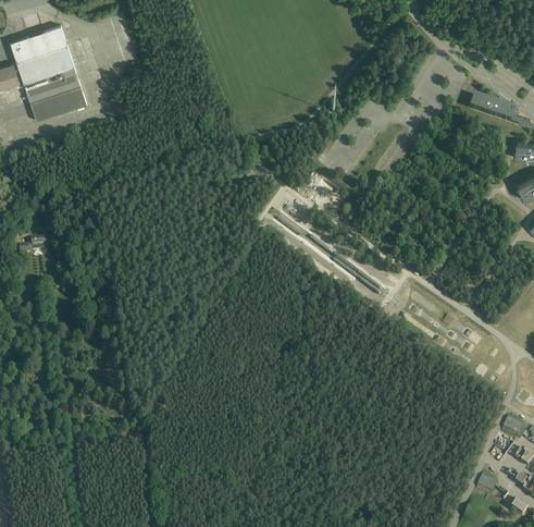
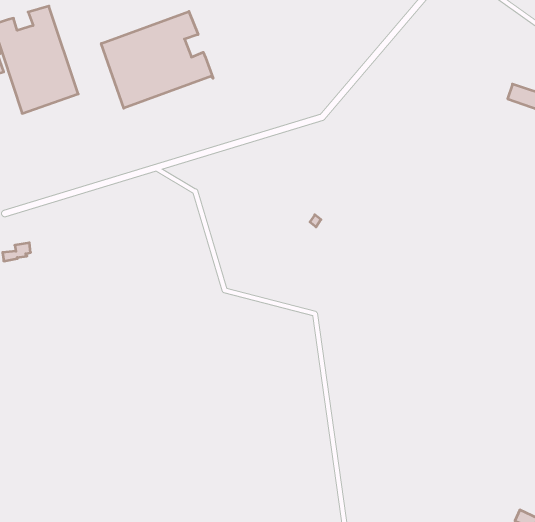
building: none -> [101,11,213,108]

